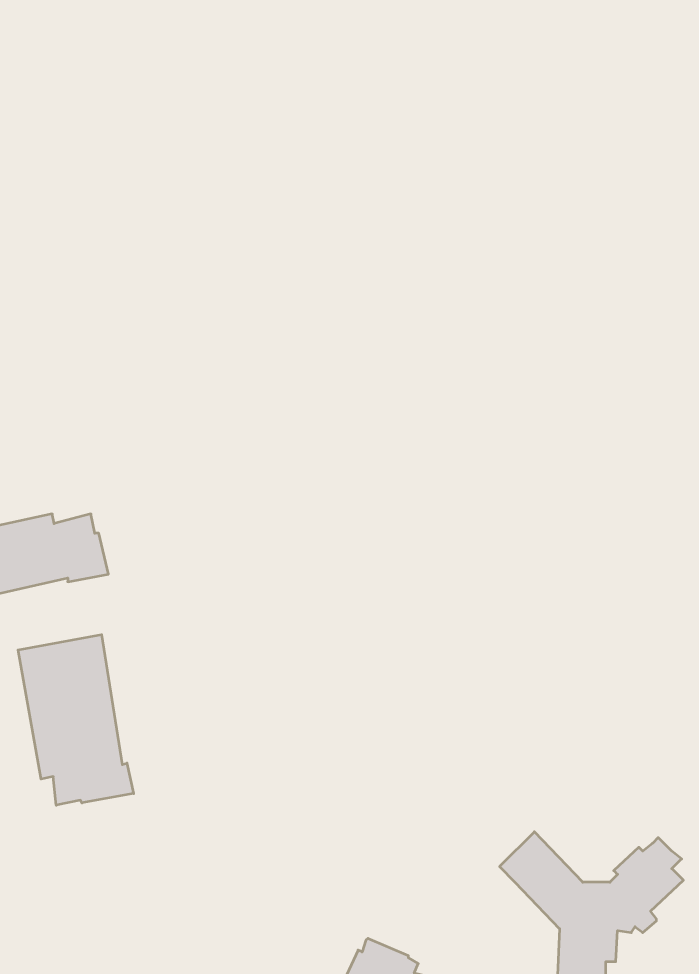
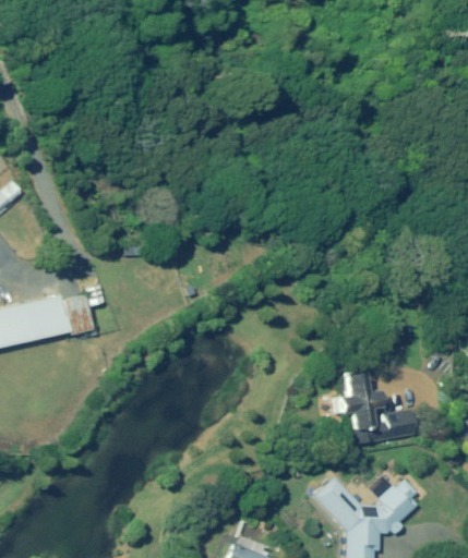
building: [18,635,134,805] -> none
building: none -> [334,371,416,444]

